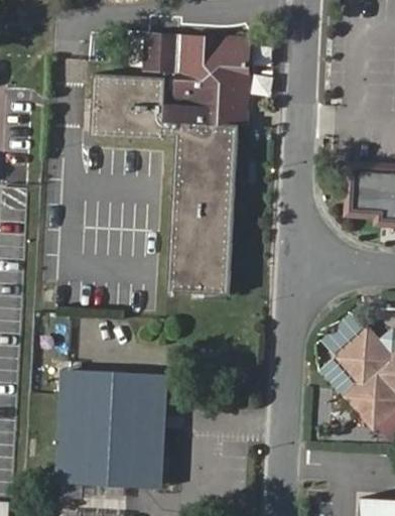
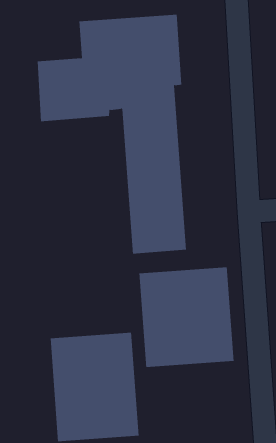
building: none -> [139,266,234,368]

